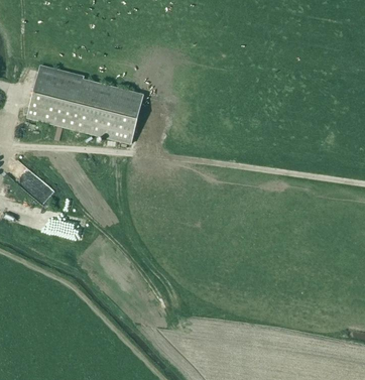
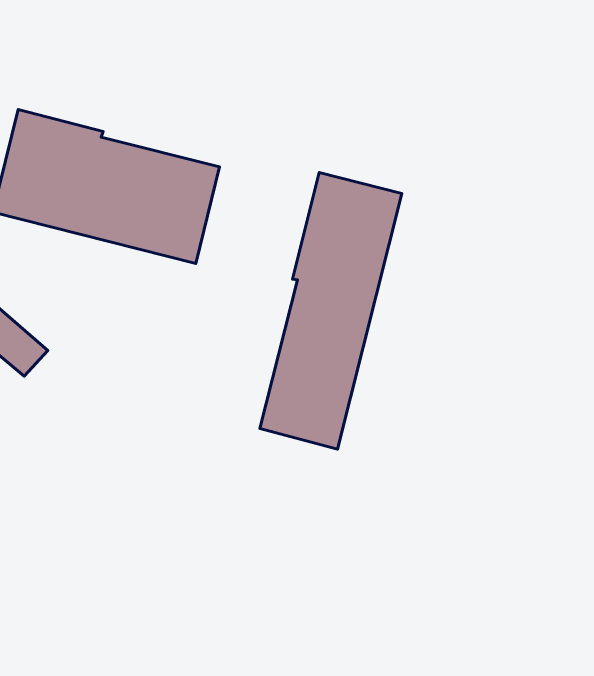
building: none -> [260,172,402,449]

